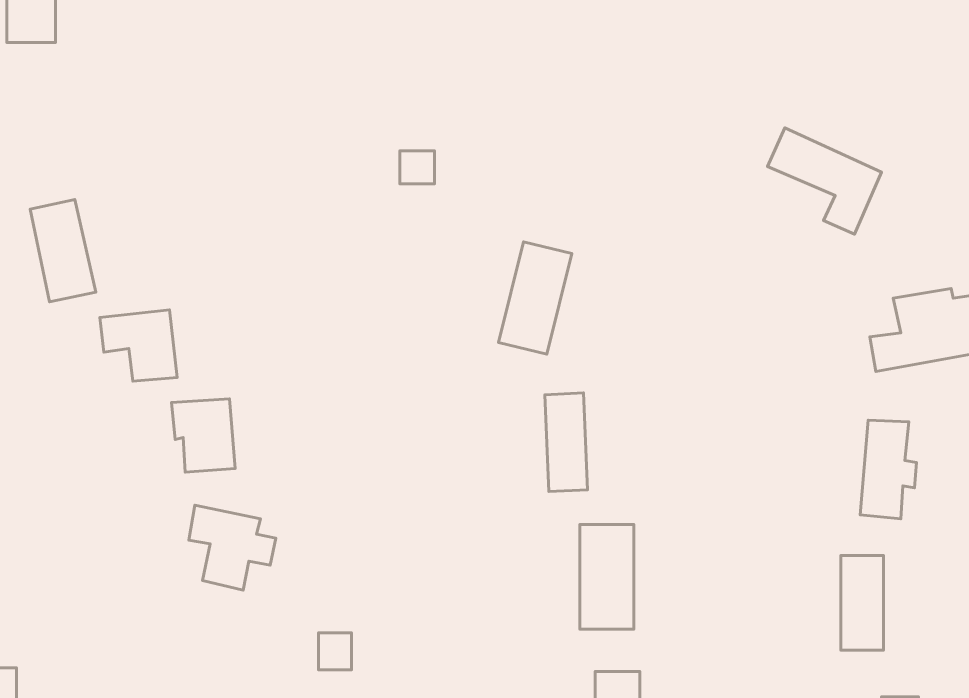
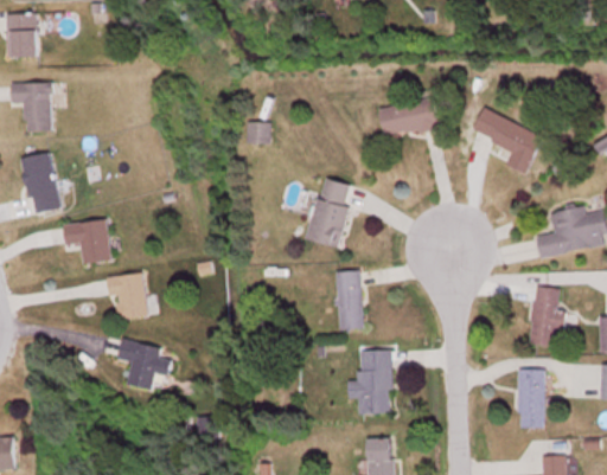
building: none -> [9,83,51,130]
building: none -> [377,98,436,136]

